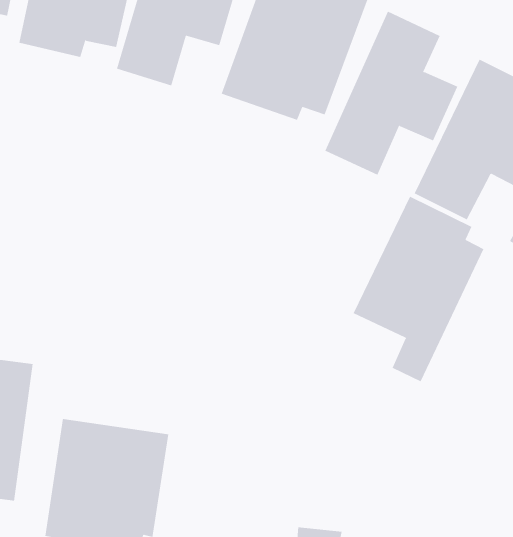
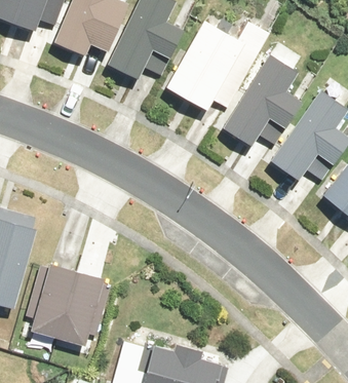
building: [353,196,484,382] -> none

